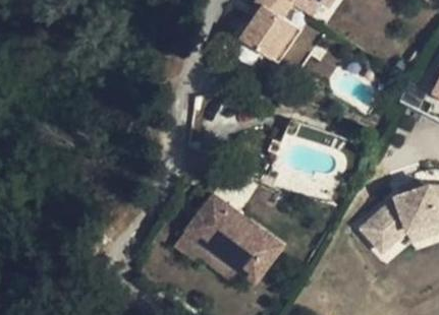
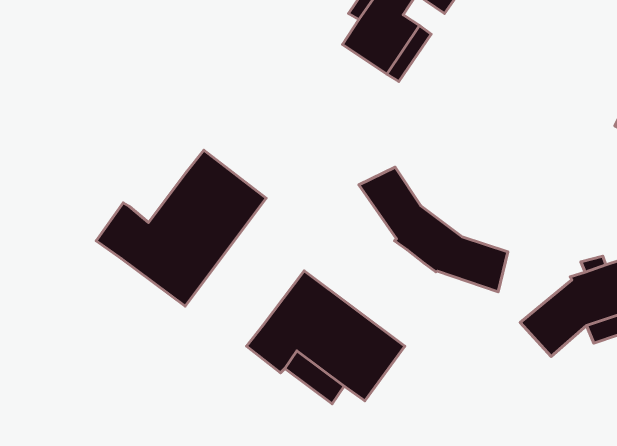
building: none -> [96,150,266,306]
building: none -> [359,167,508,292]

